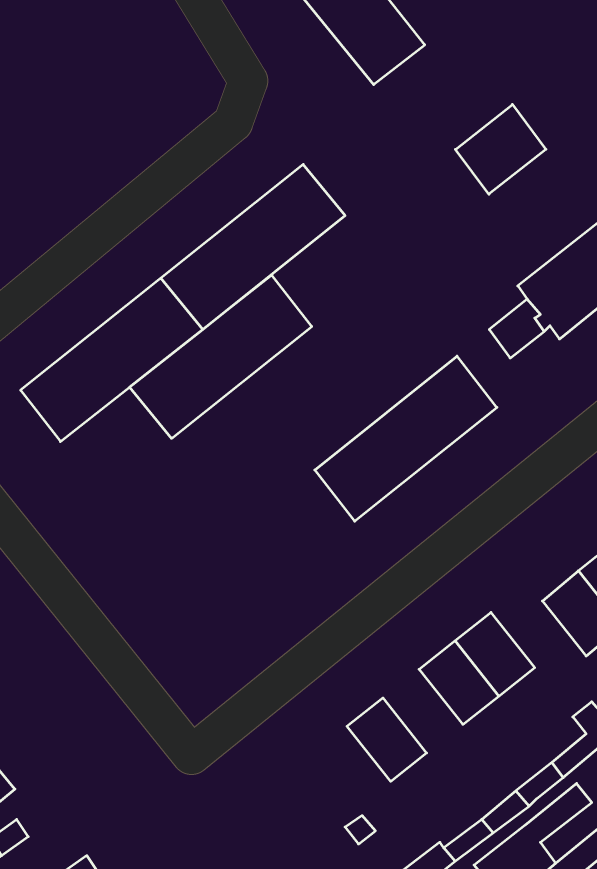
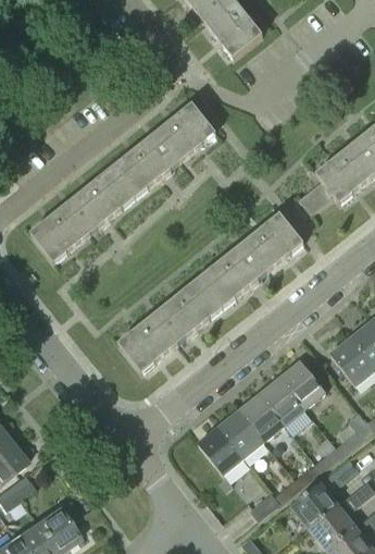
building: [455,104,546,194] -> none
building: [130,275,312,438] -> [117,279,222,372]
building: none -> [238,393,284,441]
building: none -> [197,426,242,475]

